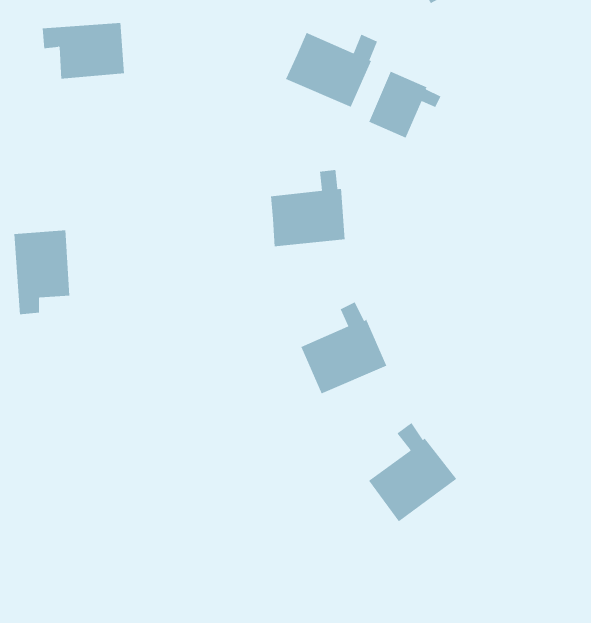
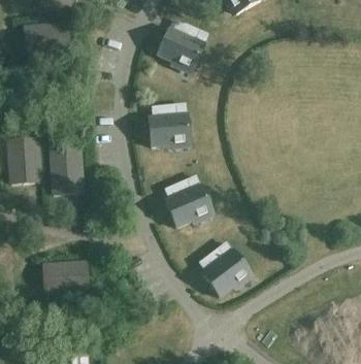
building: [368,71,441,139] -> none
building: none -> [51,147,81,193]
building: none -> [42,261,88,292]

